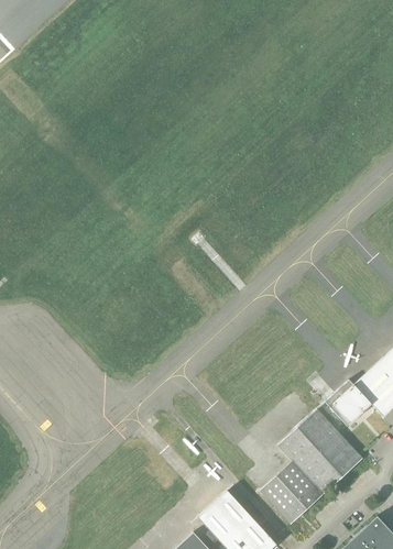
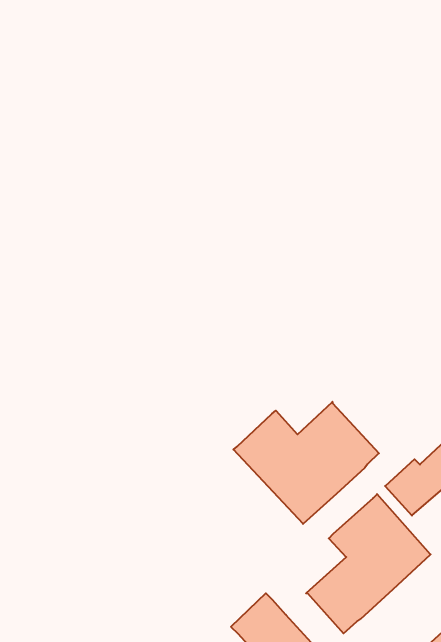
building: none -> [233,402,379,524]

